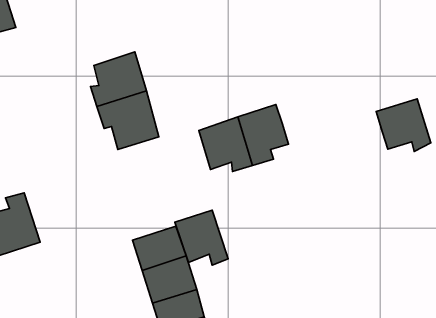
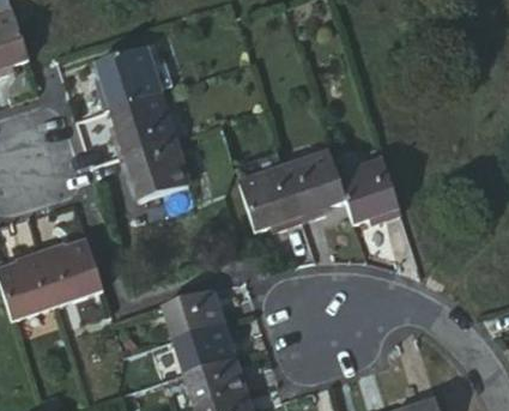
building: none -> [99,41,164,108]
building: [376,99,431,151] -> [332,157,394,217]
building: none -> [38,243,103,307]
building: [175,210,228,265] -> none

